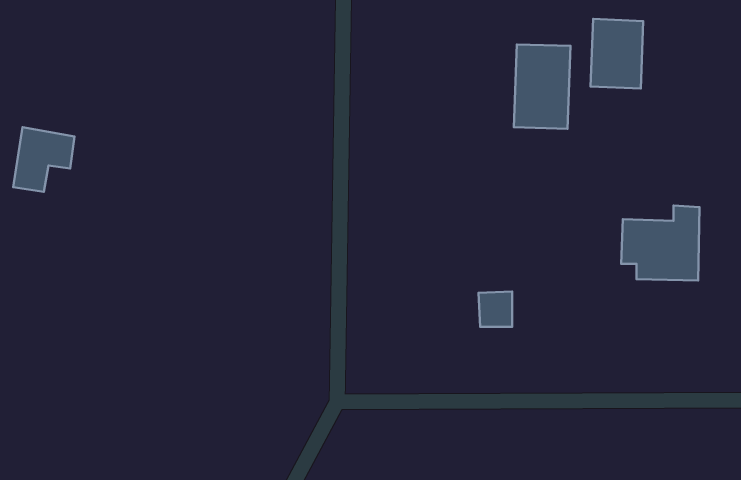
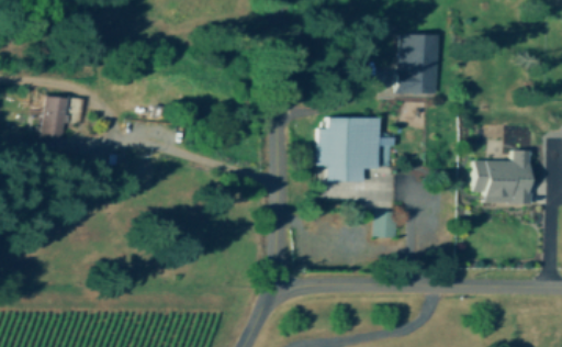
building: [591,19,643,89] -> none
building: none -> [317,116,392,181]

